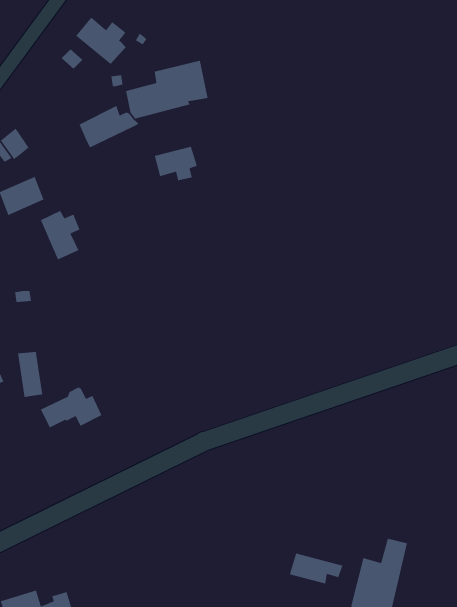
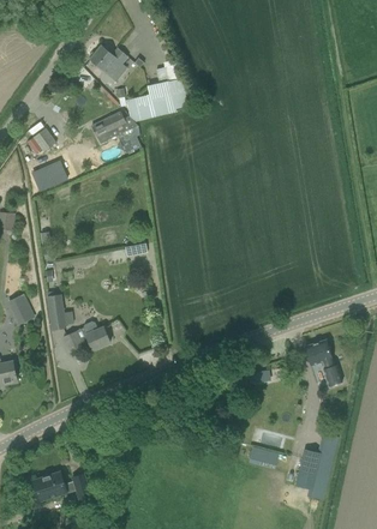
building: [154,146,198,181] -> none
building: [40,210,80,260] -> none
building: none -> [304,338,341,385]

